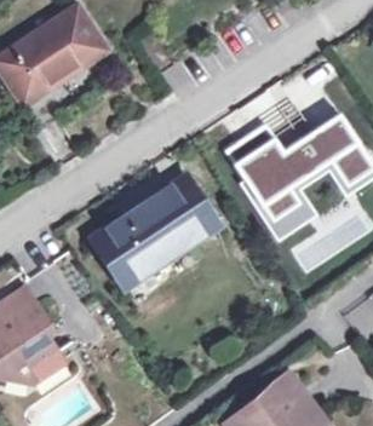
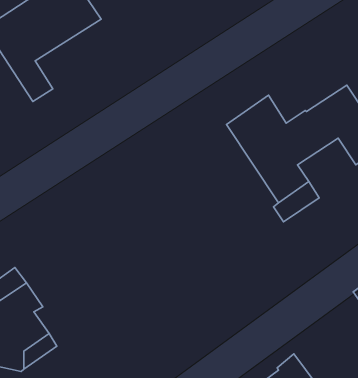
building: [92,177,217,289] -> none

